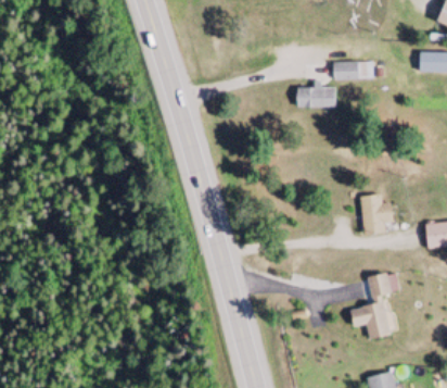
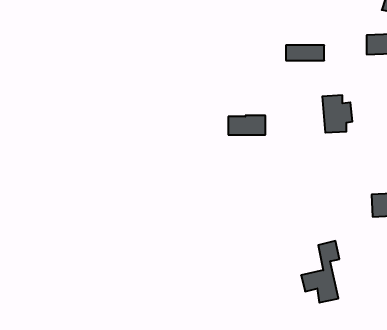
building: [296,86,336,107] -> [228,116,265,135]
building: [360,195,393,235] -> [322,95,352,133]

